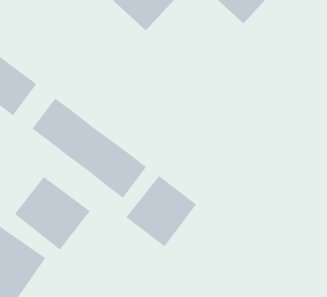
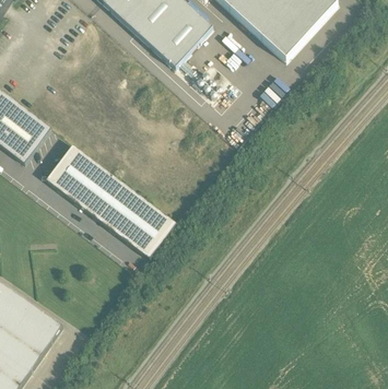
building: [125,175,197,247] -> none
building: [14,176,90,251] -> none

